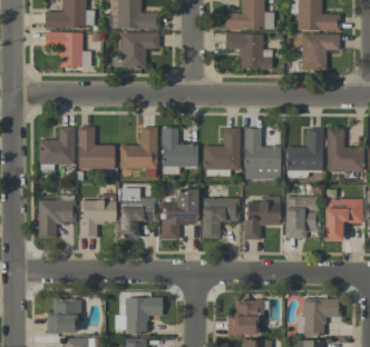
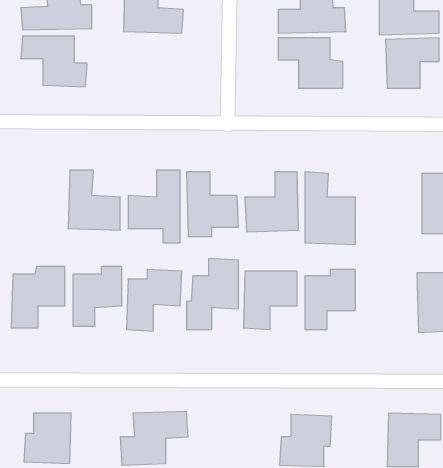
building: [121,32,159,68] -> none
building: [39,127,76,165] -> none
building: [286,128,323,170] -> none
building: [285,196,320,239] -> none

